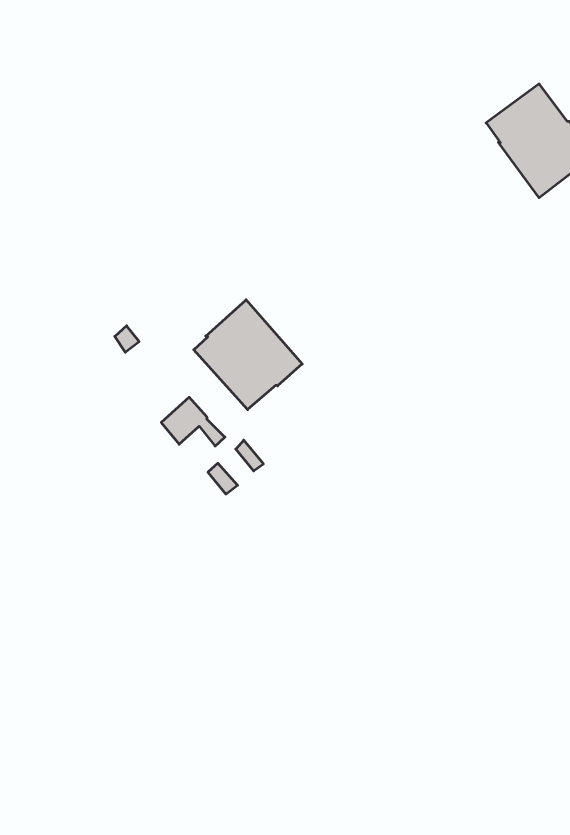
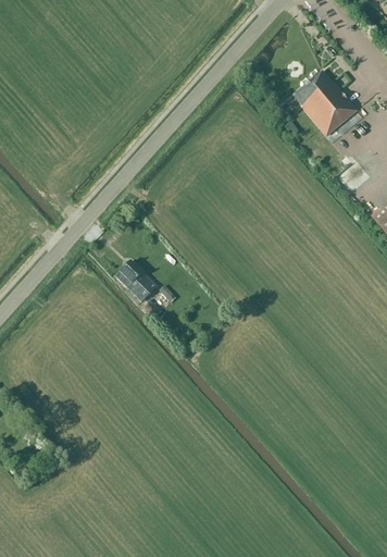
building: [194,300,302,410] -> none

